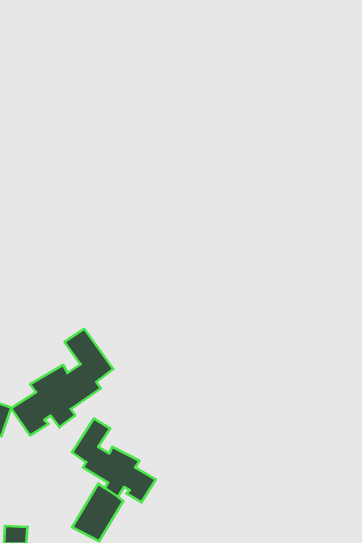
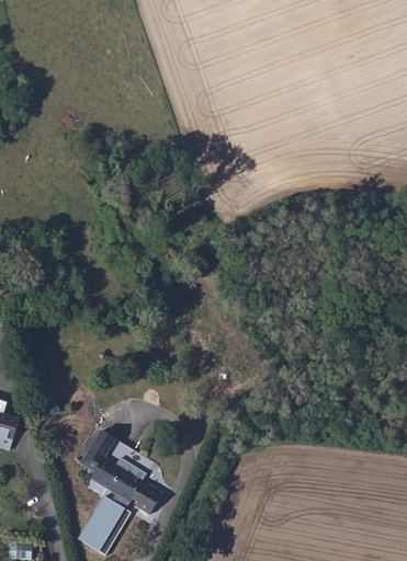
building: [11,329,113,435] -> none

